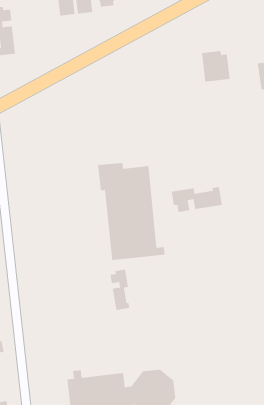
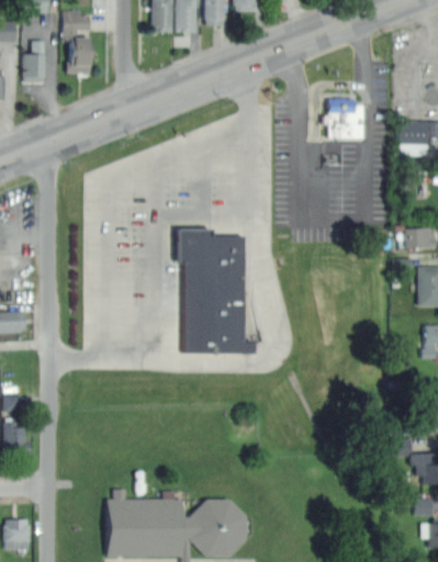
building: [171,186,222,213] -> none
building: [110,269,130,311] -> none

